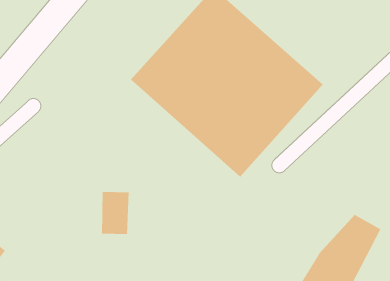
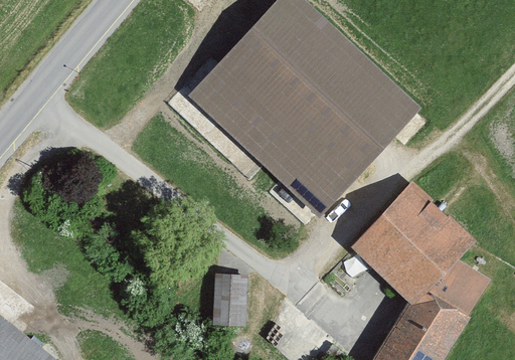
building: none -> [354,186,476,309]
building: [101,191,129,235] -> [211,271,245,323]

